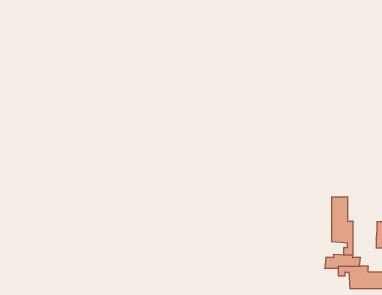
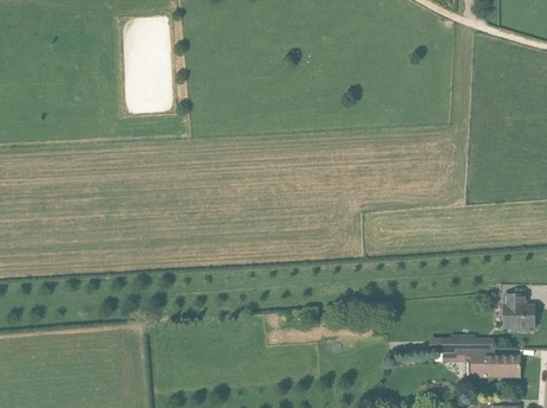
building: [332,197,353,255] -> none

